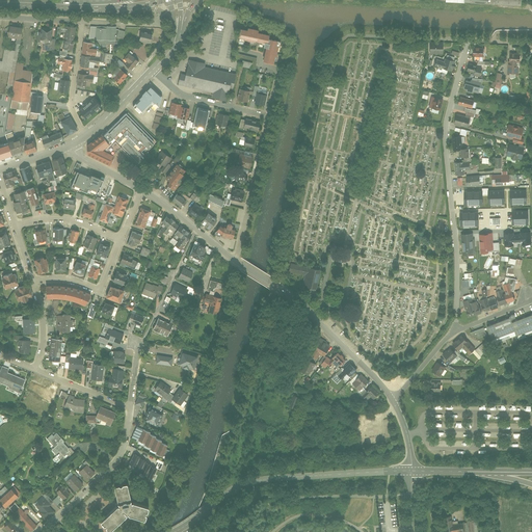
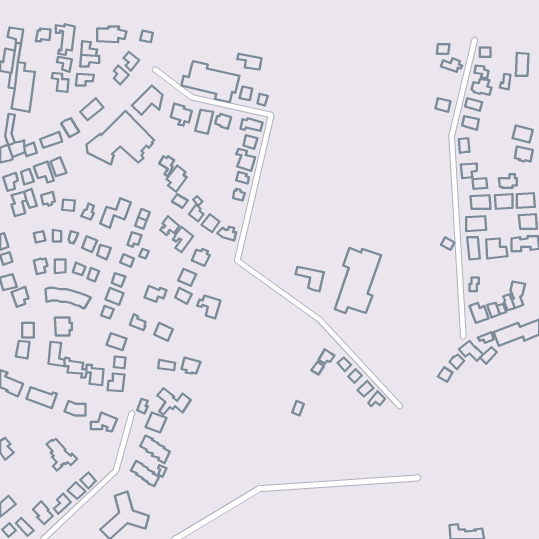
building: [236,26,277,62] -> none
building: [72,174,104,198] -> none
building: none -> [335,248,381,313]

